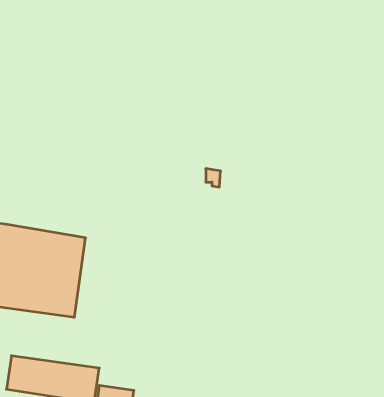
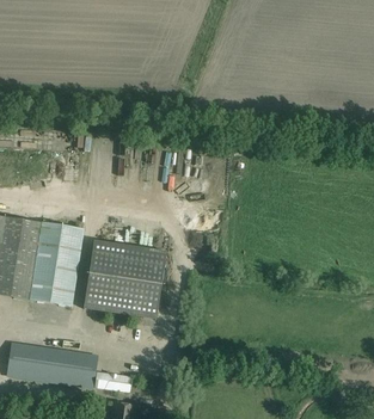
building: none -> [84,240,166,319]

